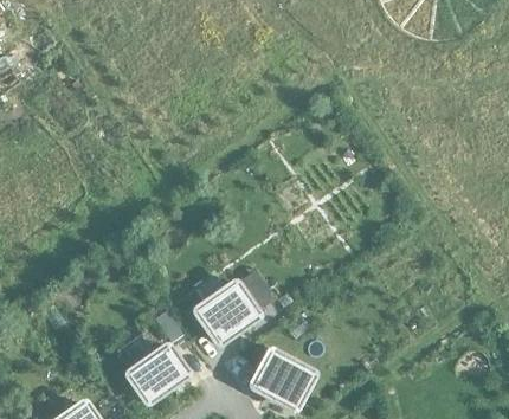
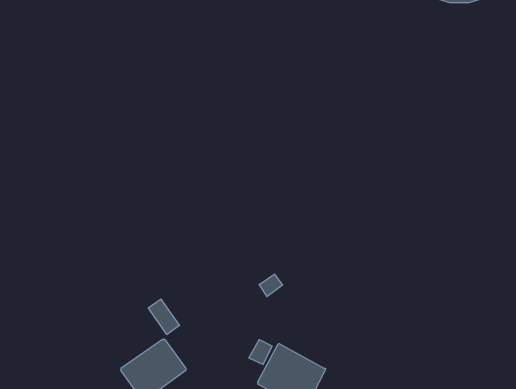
building: [196,284,259,344] -> none

